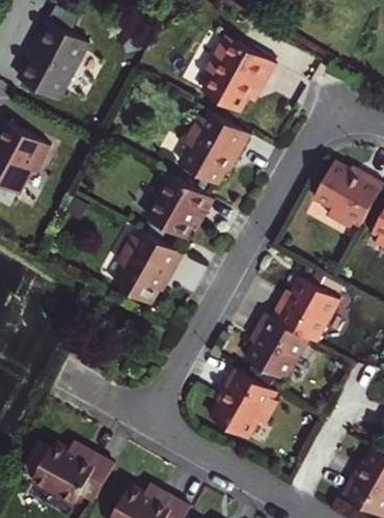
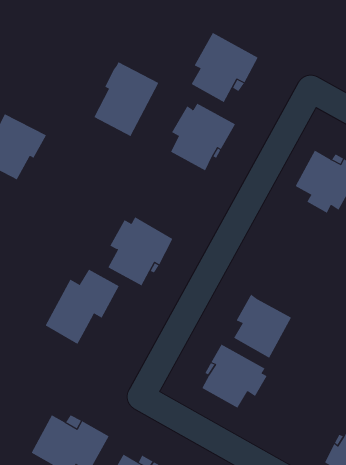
building: [17,21,86,101] -> [94,61,159,137]
building: [145,175,215,240] -> none
building: [273,280,340,344] -> none
building: none -> [45,269,120,345]

